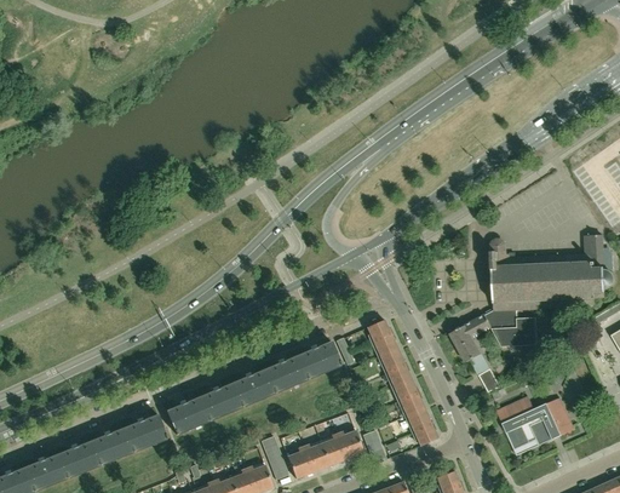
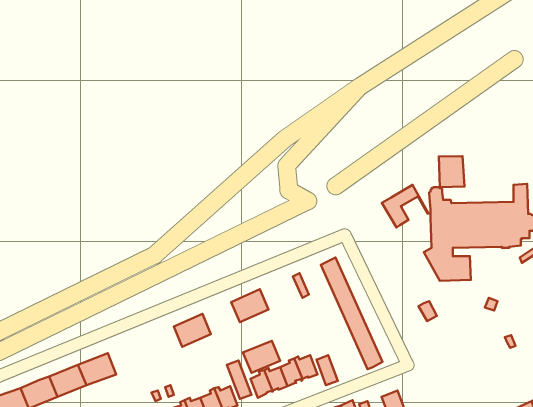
building: none -> [439,156,465,187]
building: [449,313,503,361] -> [382,185,429,227]
building: [298,342,340,378] -> none
building: [232,369,275,406] -> [243,341,280,373]
building: [496,396,574,449] -> none
building: [167,397,209,434] -> none
building: [125,414,167,452] -> none

